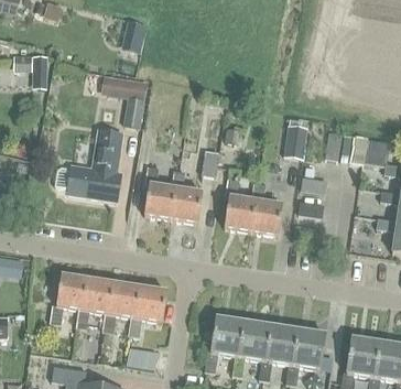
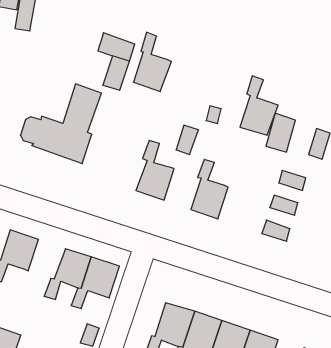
building: [143,165,175,218] -> [133,32,171,92]
building: [250,182,282,235] -> [240,76,278,135]
building: [76,279,113,328] -> none

